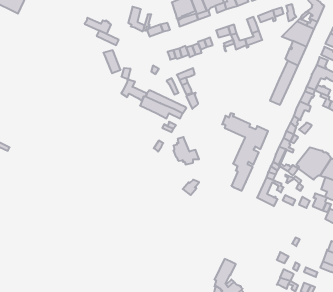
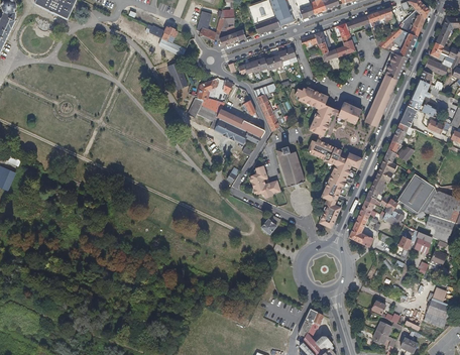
building: none -> [199,77,224,113]
building: none -> [294,87,361,135]
building: none -> [276,145,305,186]

